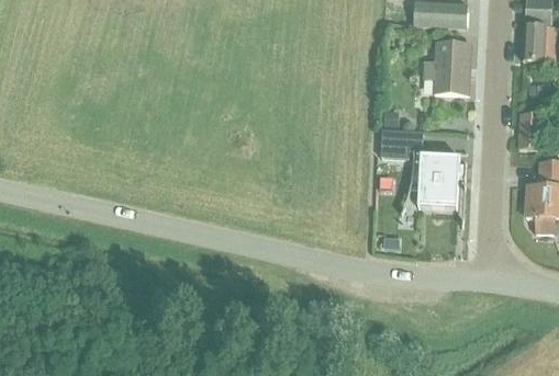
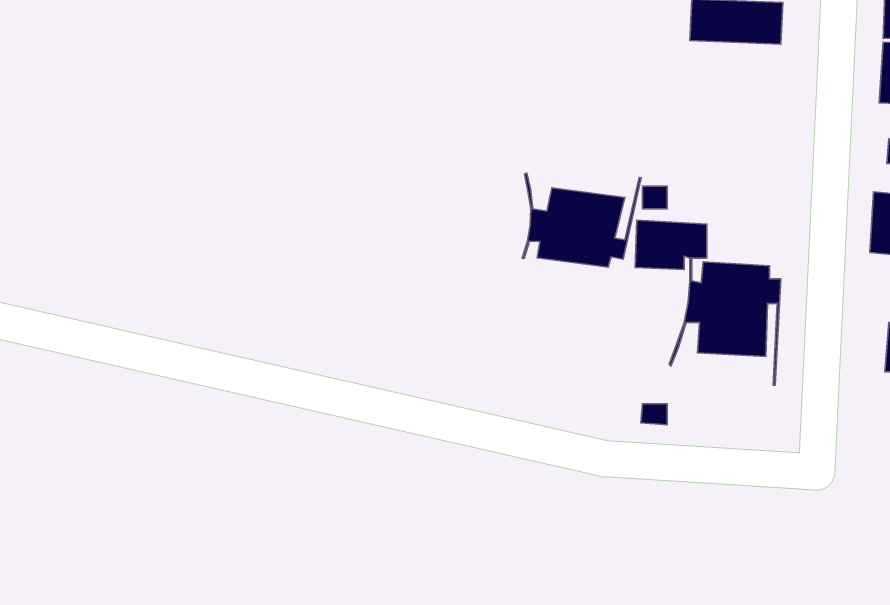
building: [424,41,471,93] -> none
building: none -> [522,173,641,267]

